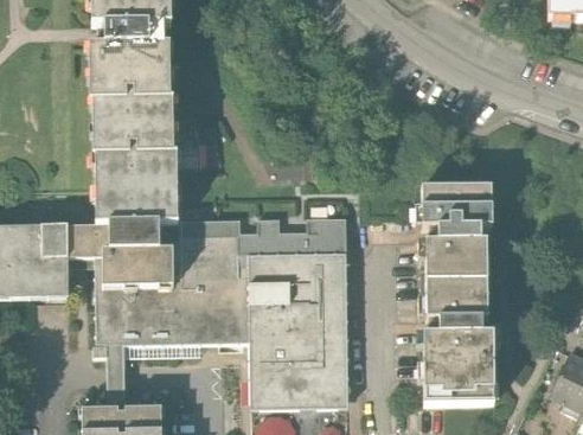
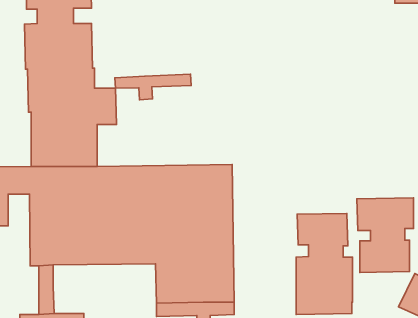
building: none -> [115,74,191,100]
building: [422,190,492,282] -> [357,198,413,272]

